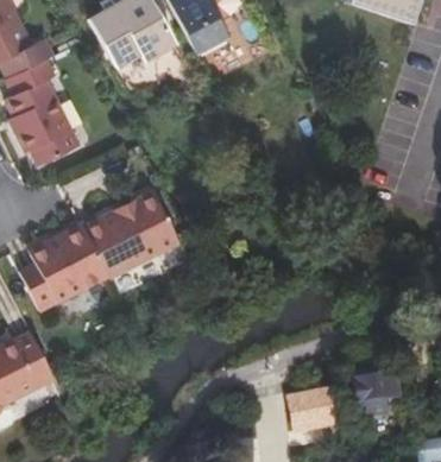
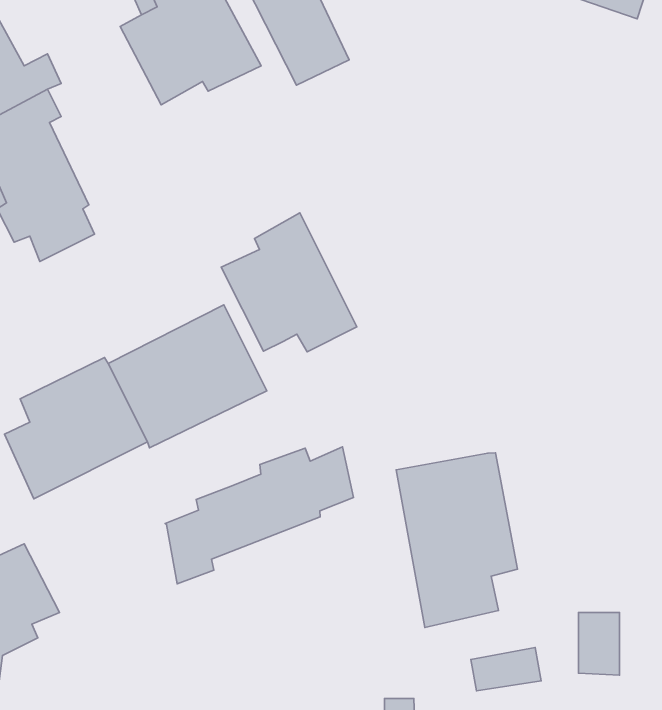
building: none -> [221,213,357,352]
building: none -> [165,447,353,584]
building: none -> [396,453,517,627]

